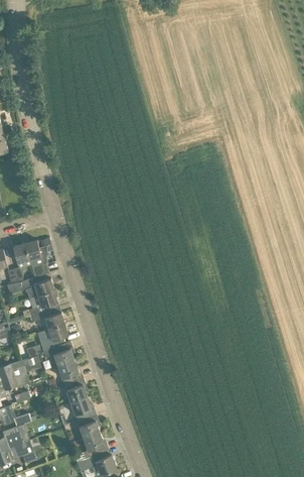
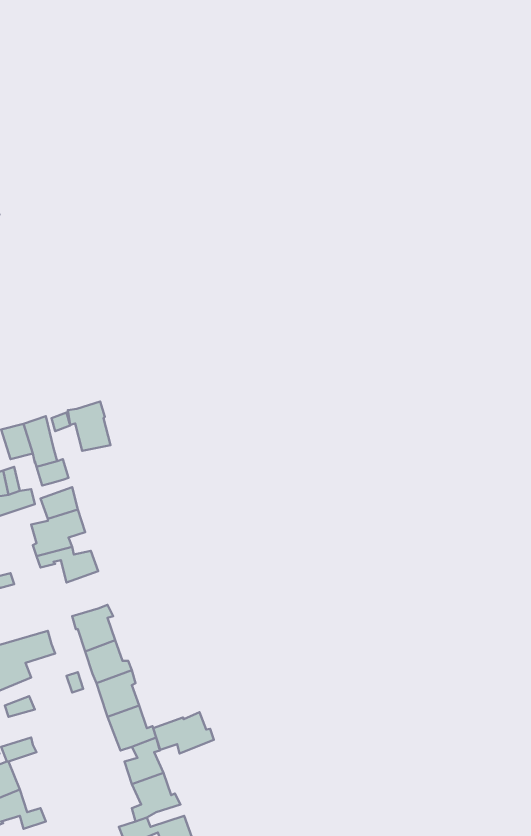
building: none -> [68,401,110,451]
building: [40,325,68,352] -> none
building: none -> [153,712,214,753]

